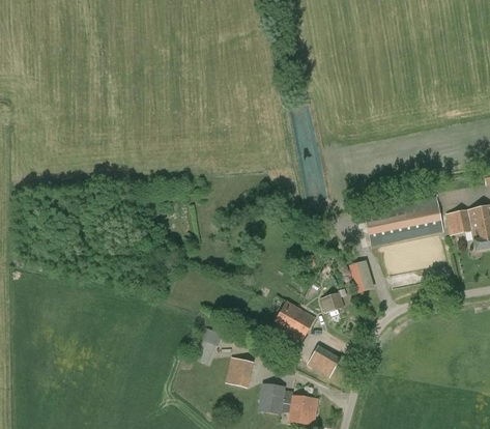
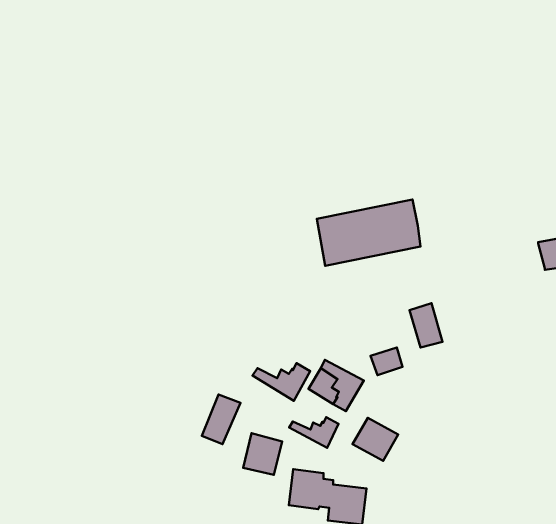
building: [365,196,442,246] -> [317,199,421,266]
building: none -> [253,363,310,401]
building: none -> [289,417,338,448]

